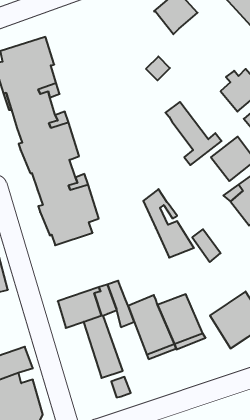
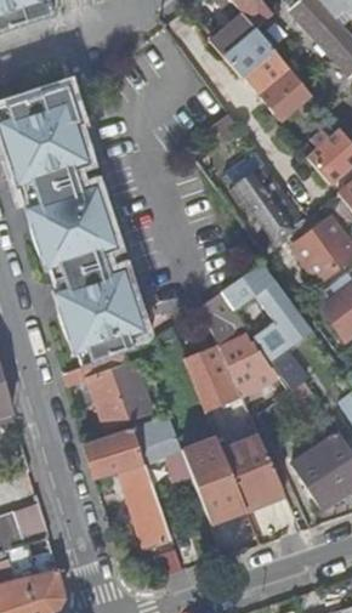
building: none -> [250,51,314,123]
building: none -> [222,262,308,334]
building: none -> [184,345,242,410]
building: none -> [63,347,153,427]

